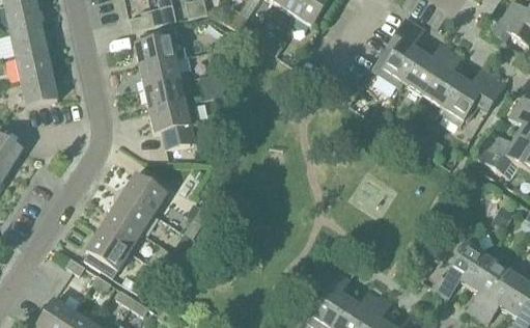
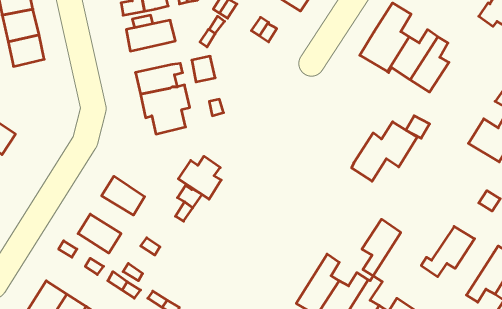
building: [138,57,189,87] -> none
building: [439,65,505,126] -> [352,122,417,181]
building: [20,74,57,106] -> none
building: [121,169,165,213] -> [178,156,221,199]
building: [97,212,141,250] -> none
building: [467,255,506,312] -> [362,219,401,276]

